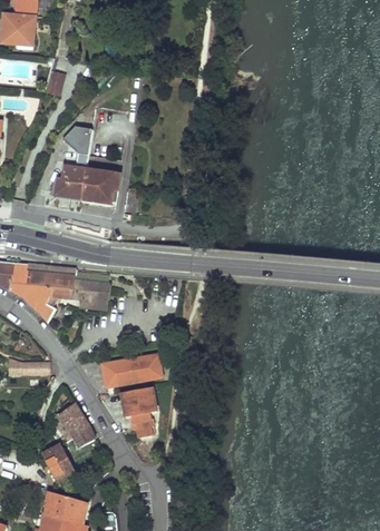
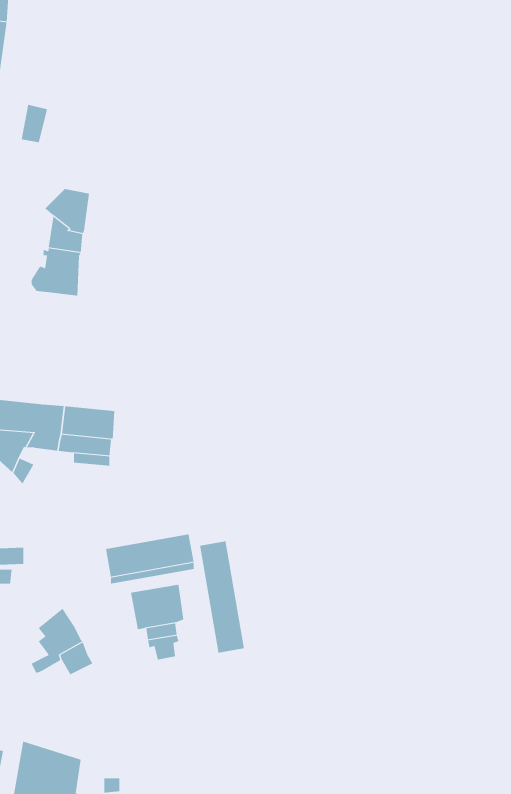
building: [82,170,120,205] -> none
building: none -> [199,541,245,654]
building: [41,445,74,483] -> none

